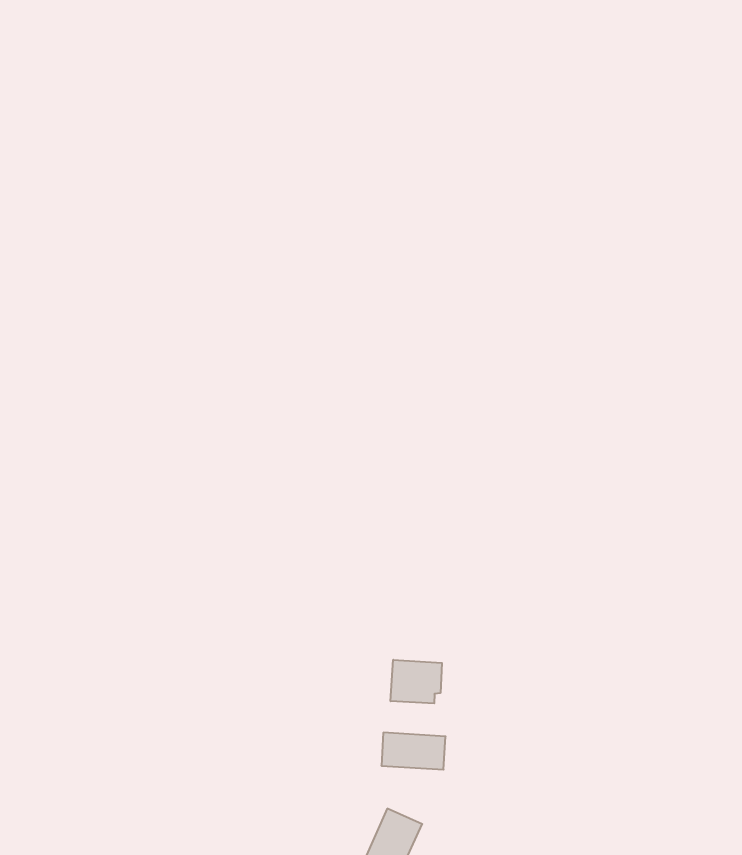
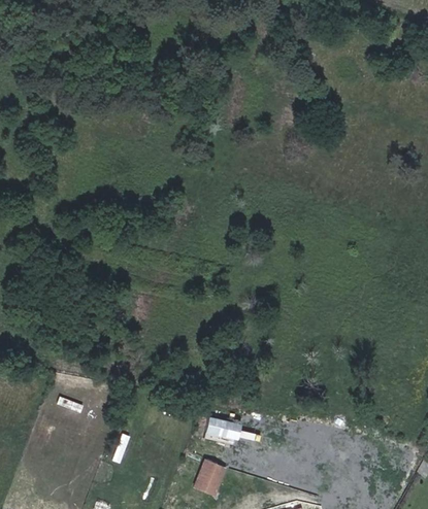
building: [391,660,442,703] -> none

